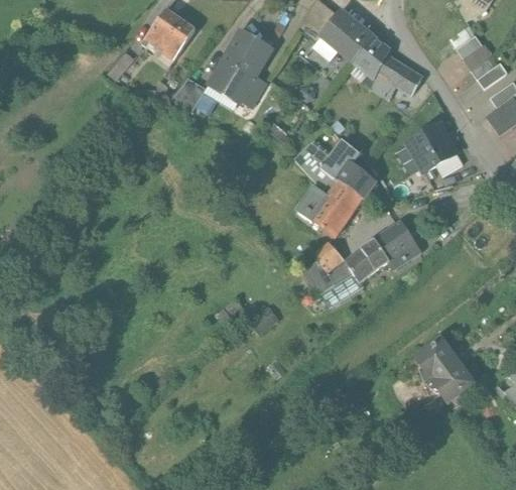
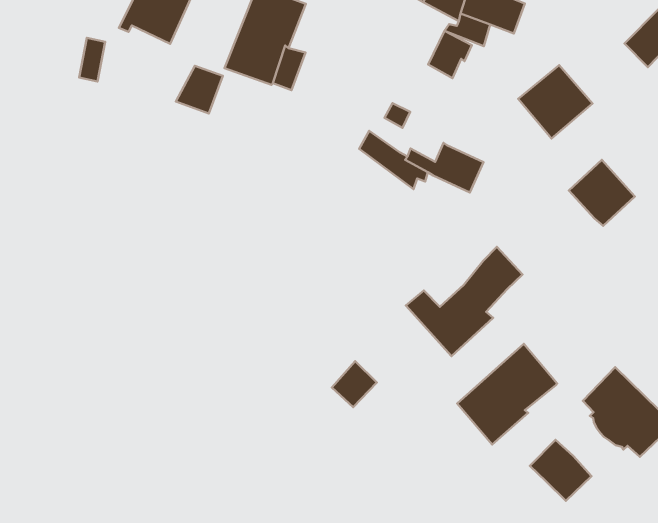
building: [327,140,359,173] -> [428,31,472,78]
building: [296,182,362,237] -> none
building: [374,222,418,267] -> [569,160,635,226]
building: [313,242,347,273] -> none
building: none -> [457,344,557,445]
building: none -> [530,440,592,501]

